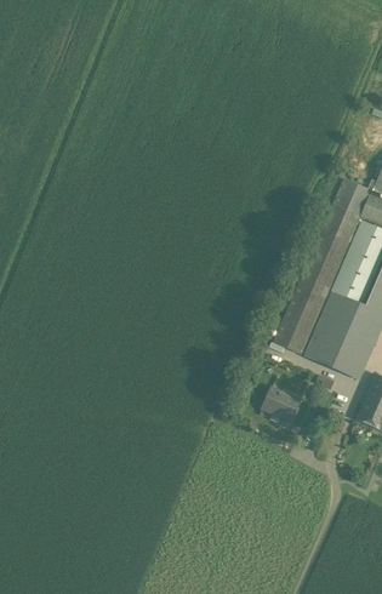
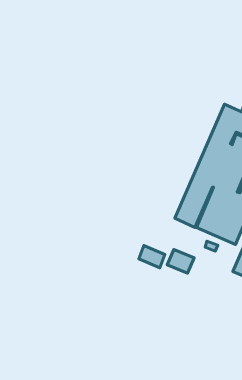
building: none -> [139,246,165,268]

